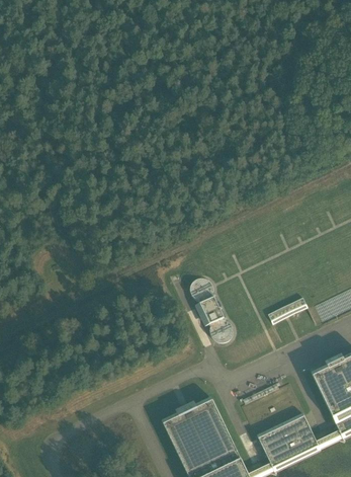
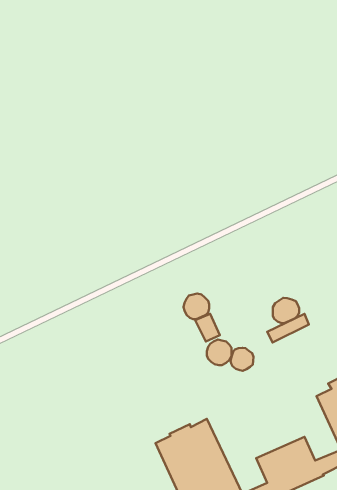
building: none -> [273,298,299,323]
building: none -> [231,348,254,371]

